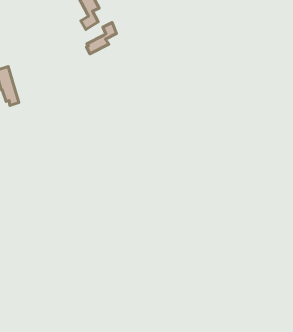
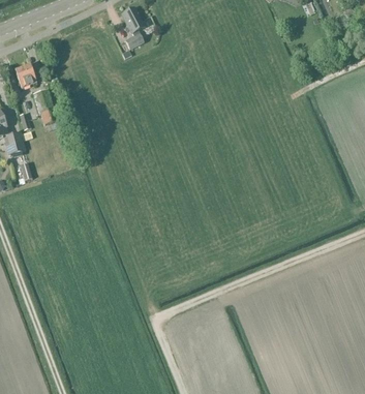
building: [86,23,117,54] -> none

